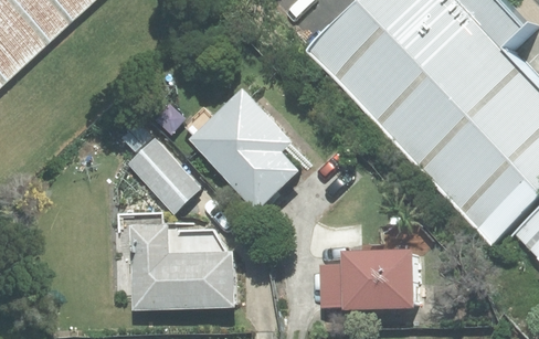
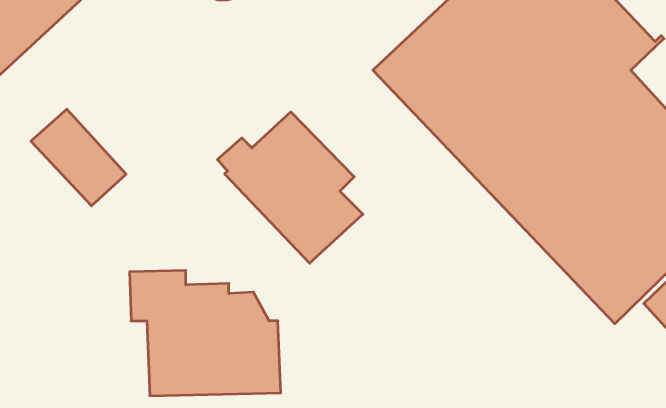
building: [129,138,202,212] -> [31,109,126,206]
building: [321,248,414,308] -> none

